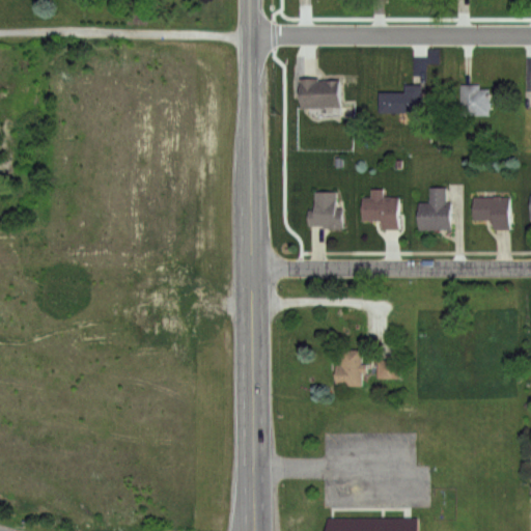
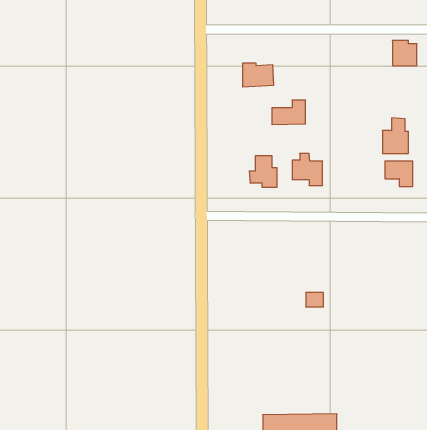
building: [378,84,419,114] -> [272,100,306,125]
building: [457,85,487,116] -> [392,40,417,66]
building: [417,188,449,231] -> [382,118,408,153]
building: [335,351,367,387] -> none

